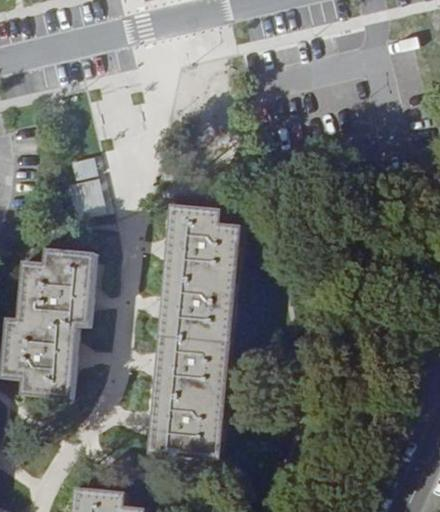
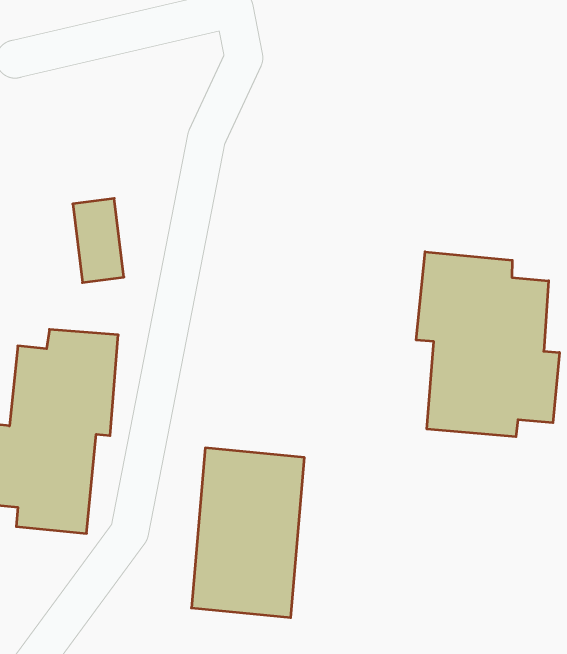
building: none -> [416,252,559,437]
building: [158,206,241,343] -> none

